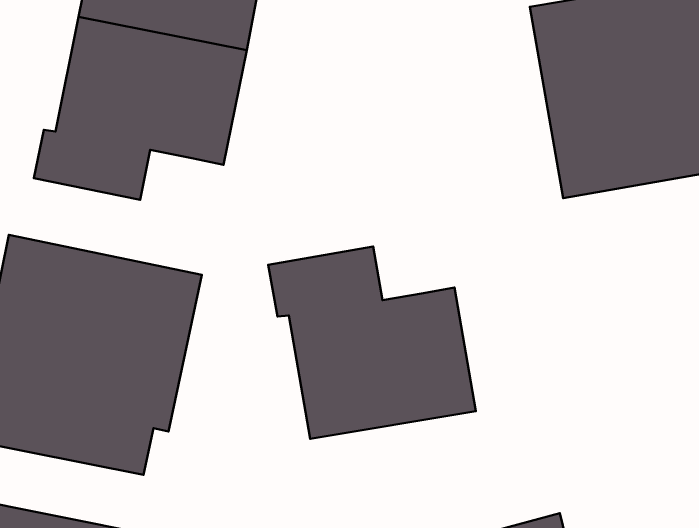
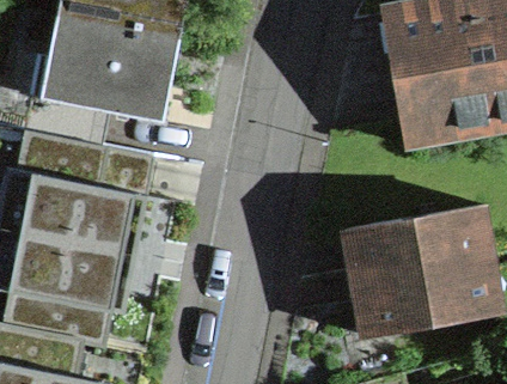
building: [268,247,476,439] -> none
building: none -> [344,205,496,335]

